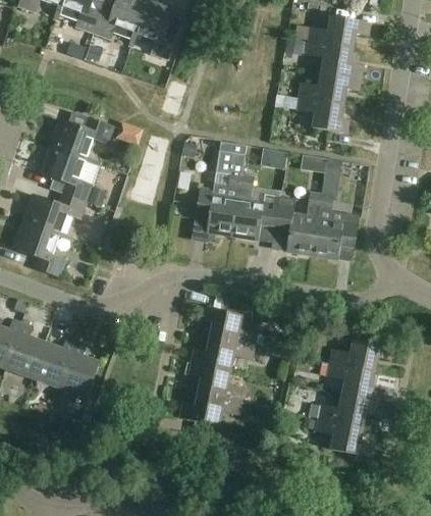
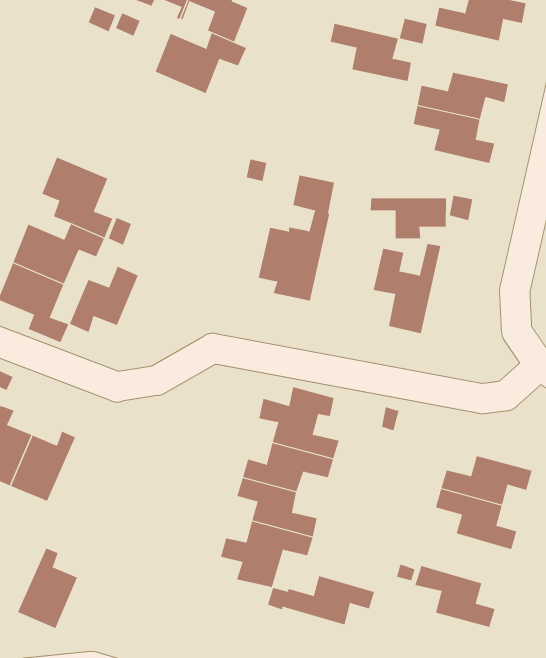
building: [306,40,364,78] -> [330,23,412,81]
building: [50,116,113,159] -> [155,33,247,94]
building: [232,174,280,241] -> none
building: [311,193,359,259] -> none
building: none -> [69,266,139,333]
building: [57,341,98,397] -> [17,548,78,629]
building: [308,393,382,426] -> [267,575,375,625]

